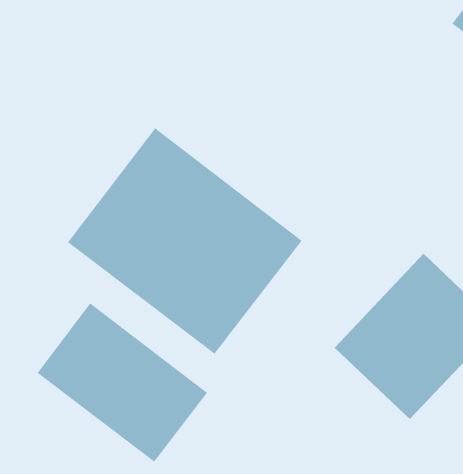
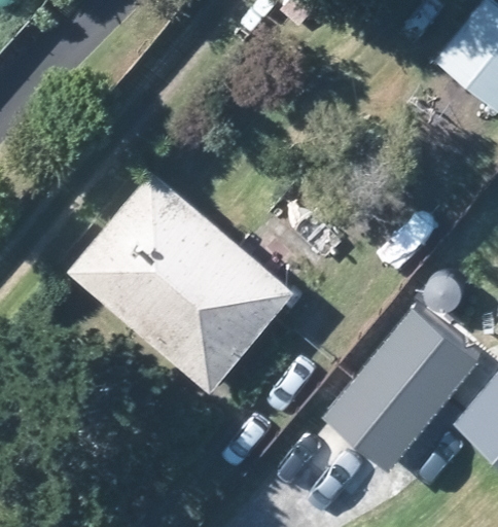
building: [37,302,208,462] -> none

